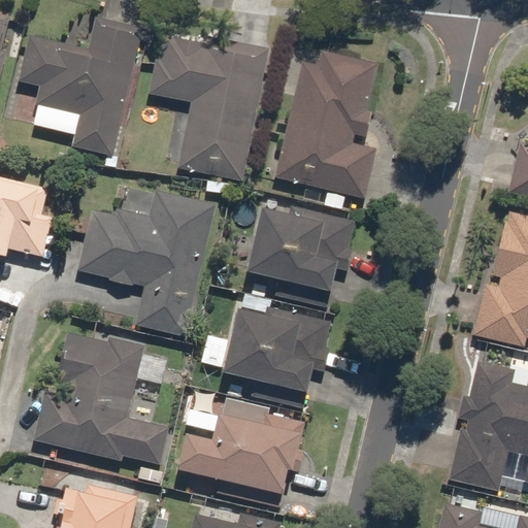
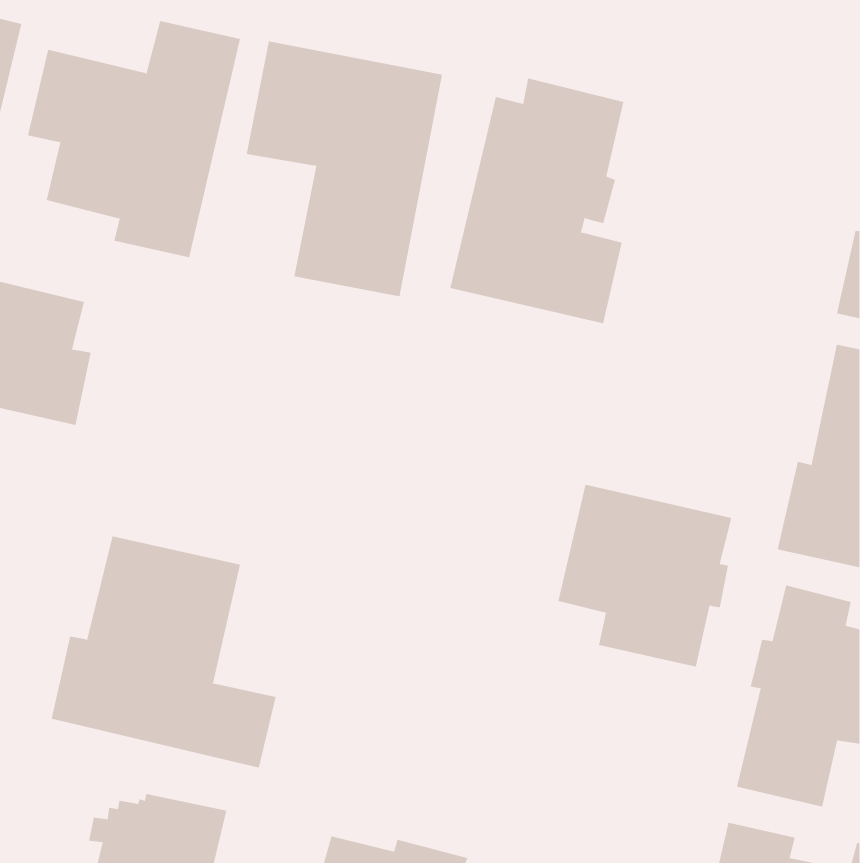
building: [75,190,218,340] -> none
building: [250,199,356,311] -> none
building: [227,299,333,410] -> [558,484,732,667]
building: [178,392,309,507] -> none

